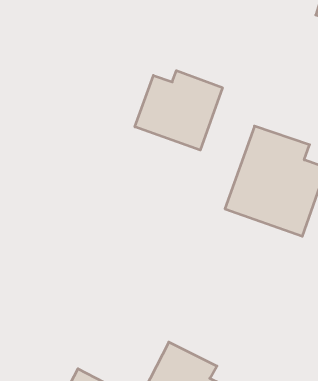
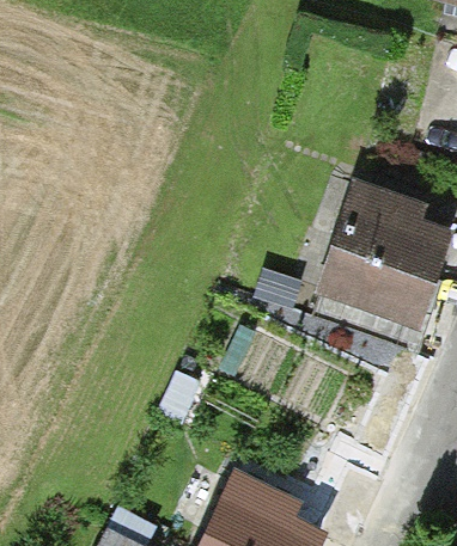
building: [135,71,222,150] -> none

